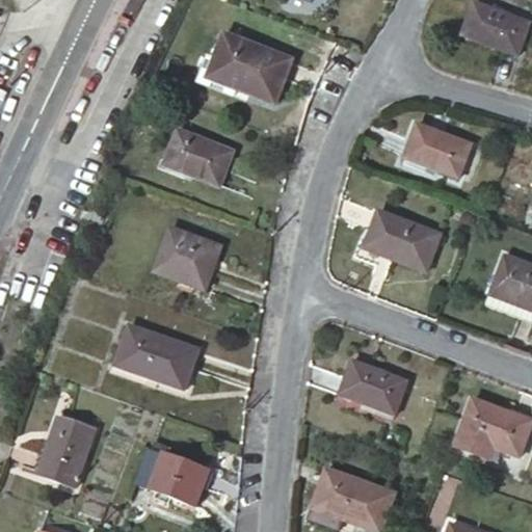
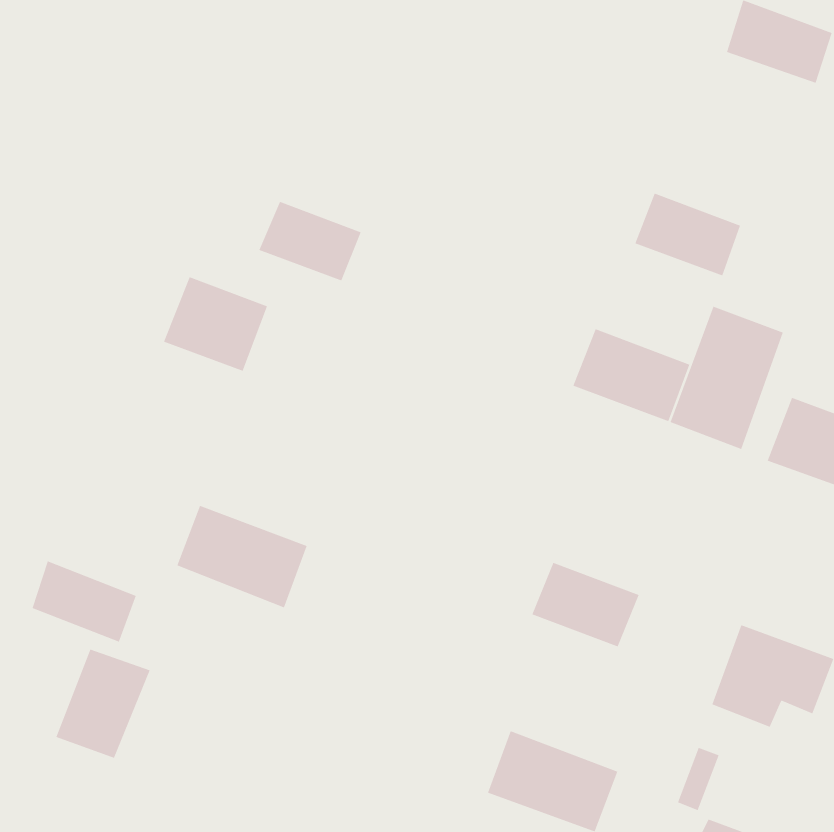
building: [207,31,292,101] -> none
building: none -> [670,306,783,450]
building: [153,227,219,287] -> [163,277,268,371]
building: none -> [32,560,136,643]
building: [149,451,207,504] -> none

